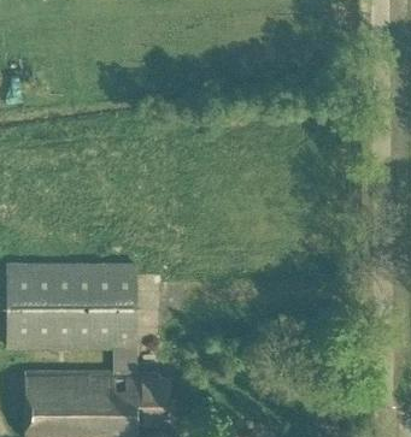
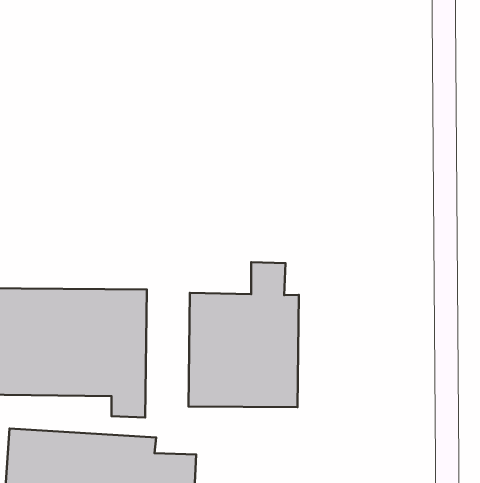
building: none -> [188,262,299,407]

